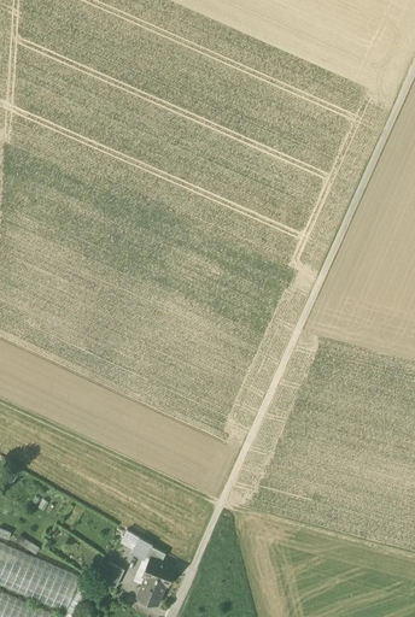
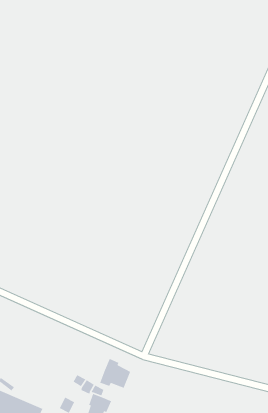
building: none -> [99,358,131,389]

